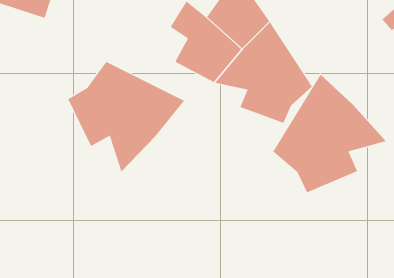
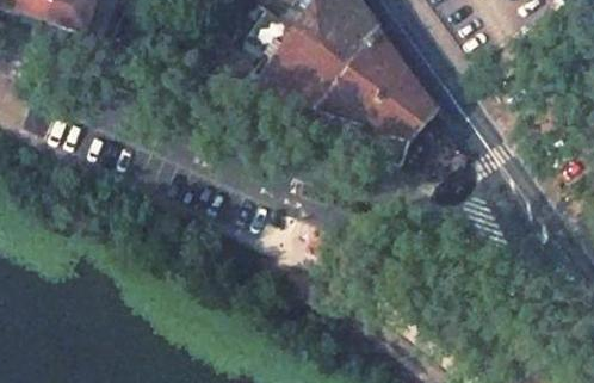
building: [67,61,185,172] -> none
building: [272,74,387,193] -> none

